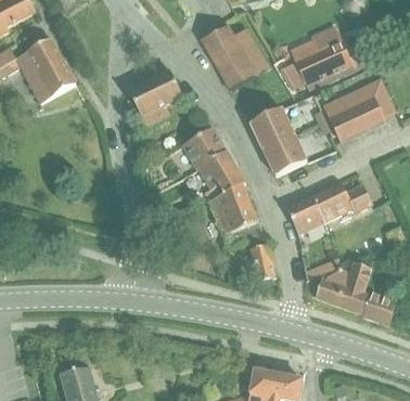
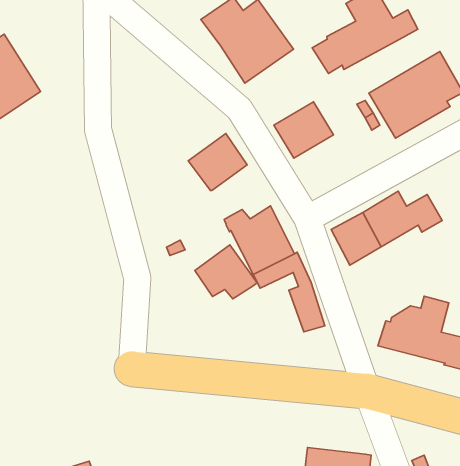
building: [128,69,182,126] -> none
building: [262,134,306,176] -> none
building: [198,152,245,193] -> [195,245,257,299]

